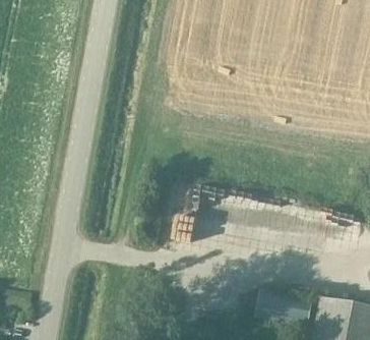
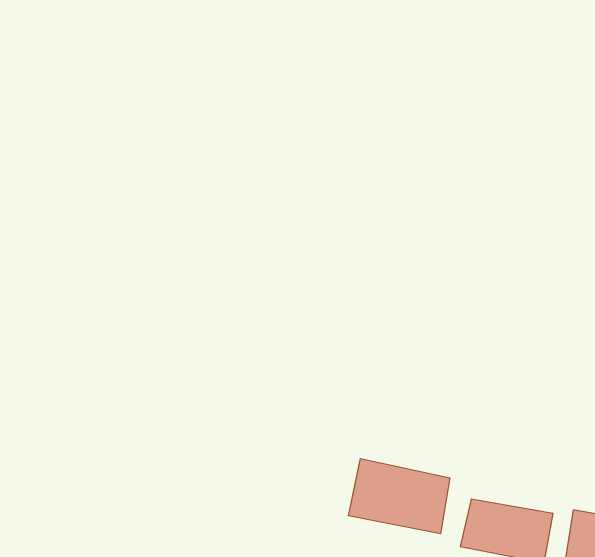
building: none -> [349,459,450,534]

